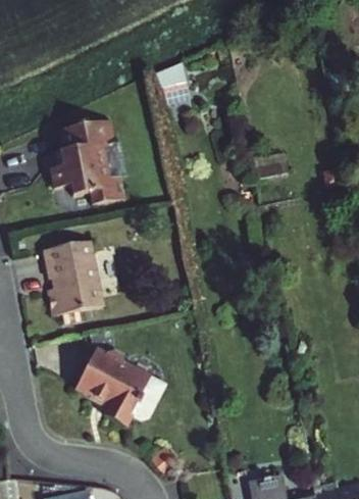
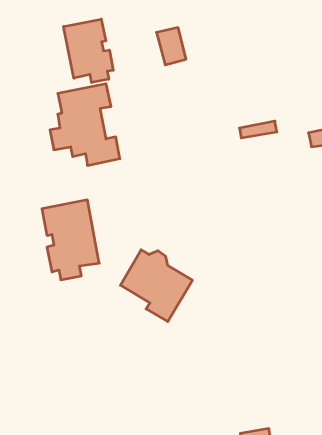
building: none -> [64,19,113,83]
building: [81,347,155,421] -> [120,250,192,322]

